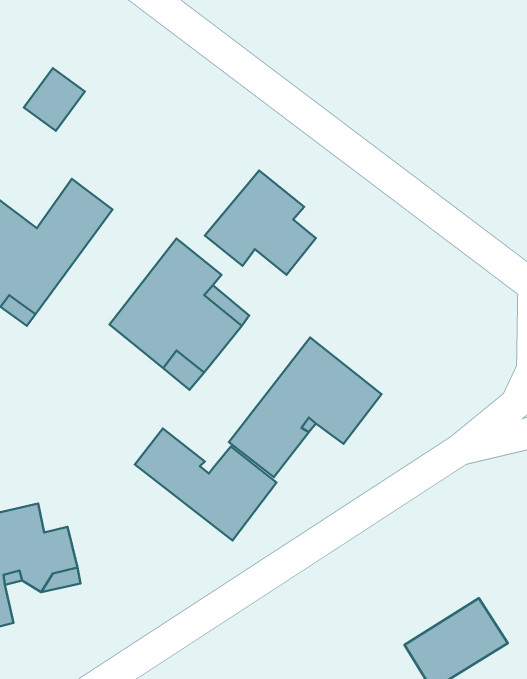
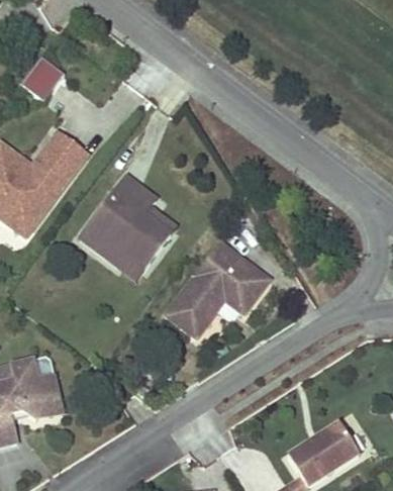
building: [205,171,316,275] -> none
building: [135,429,276,541] -> none

